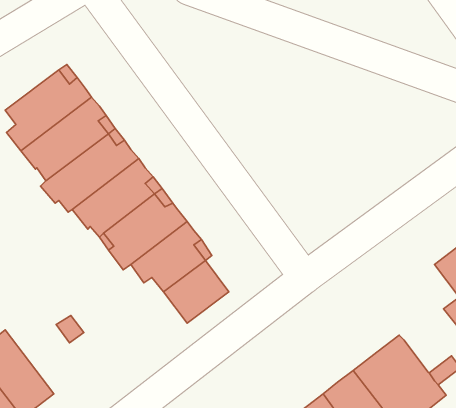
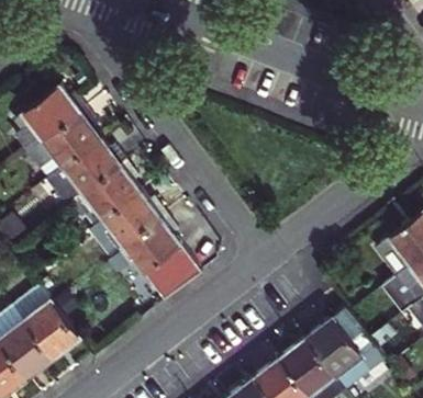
building: none -> [13,284,80,357]

